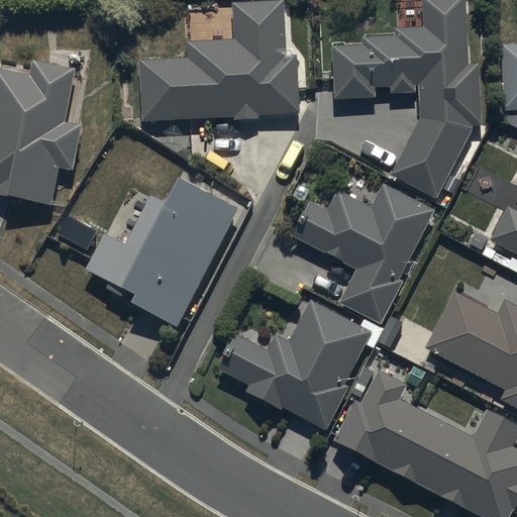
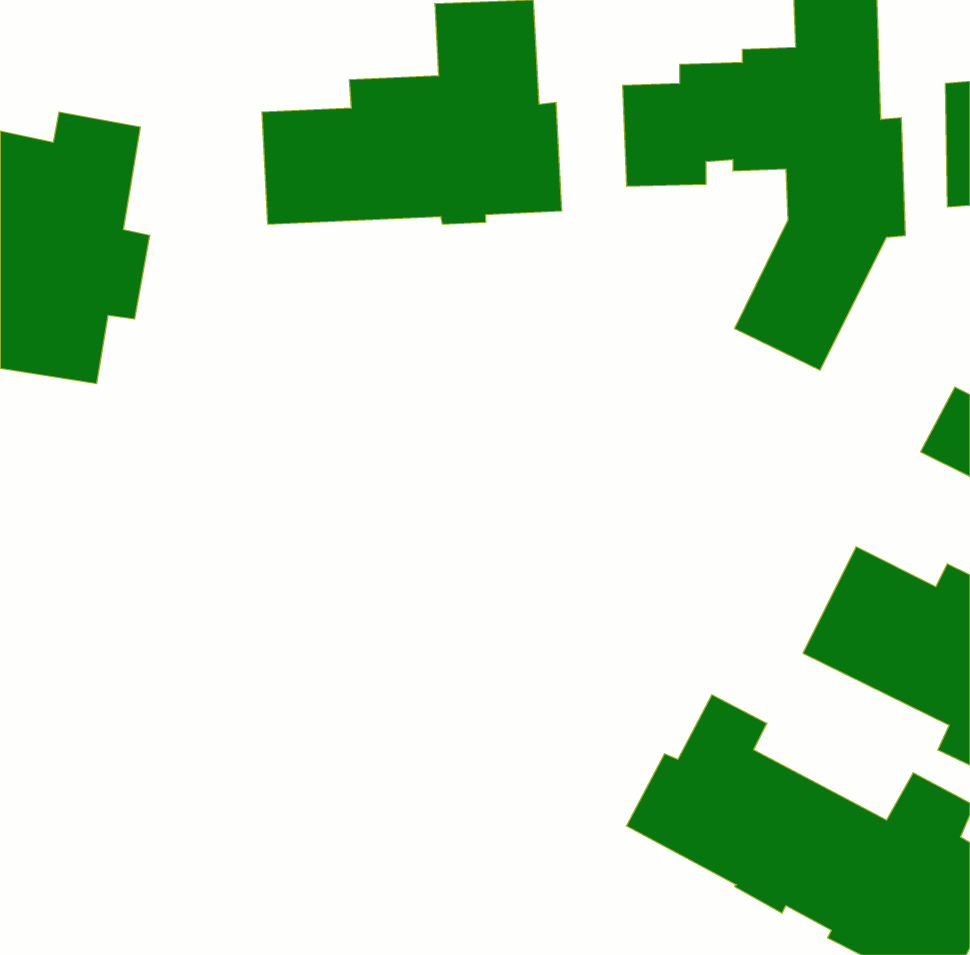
building: [84,181,236,329] -> none
building: [293,183,436,323] -> none
building: [219,301,372,429] -> none

